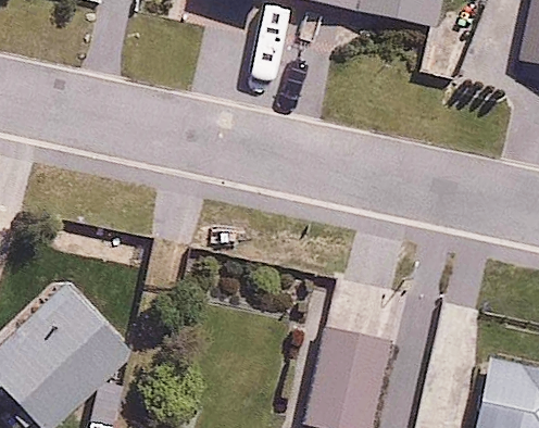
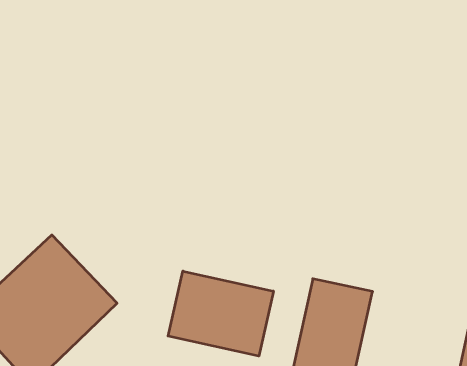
building: none -> [168,271,273,356]

